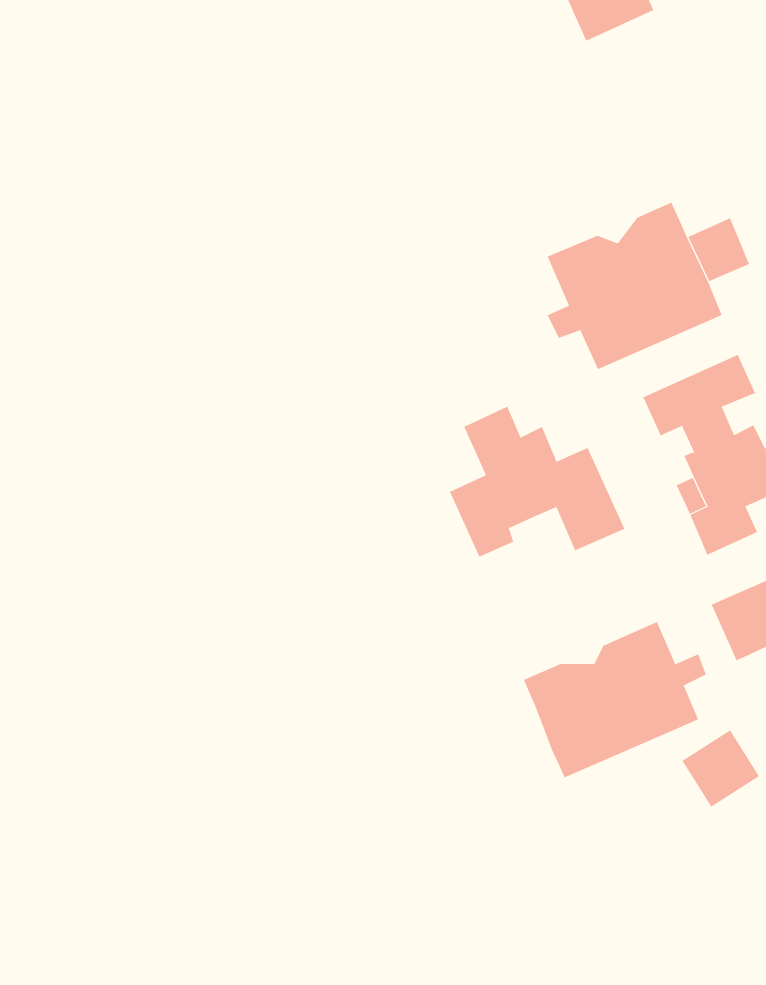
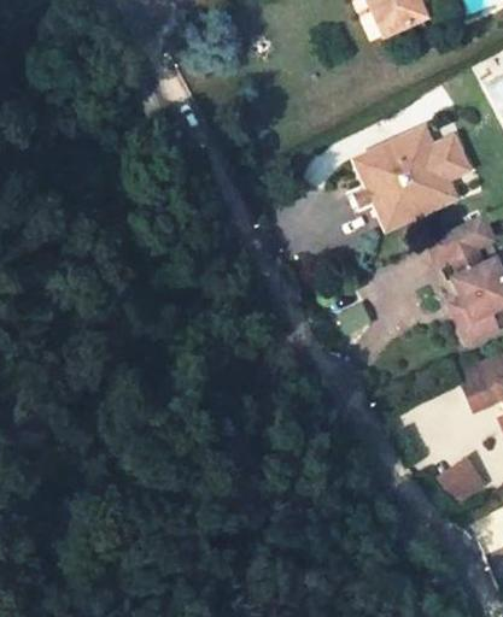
building: [449,406,625,557] -> none
building: [523,621,706,778] -> none

